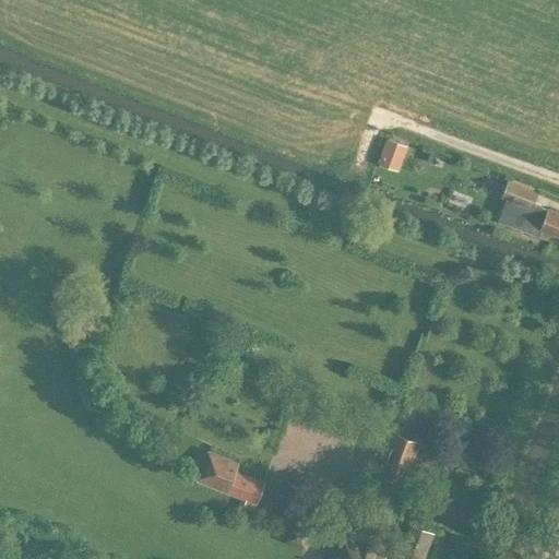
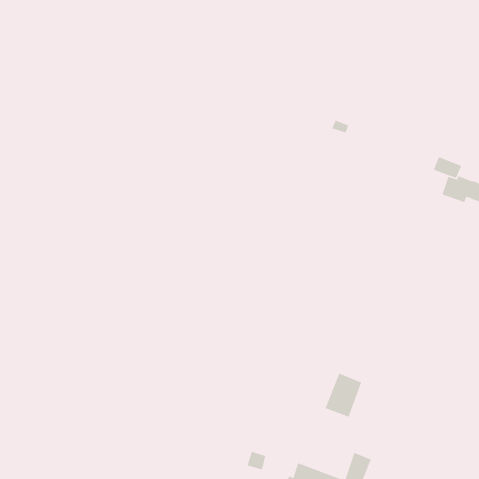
building: [199,456,265,507] -> none

